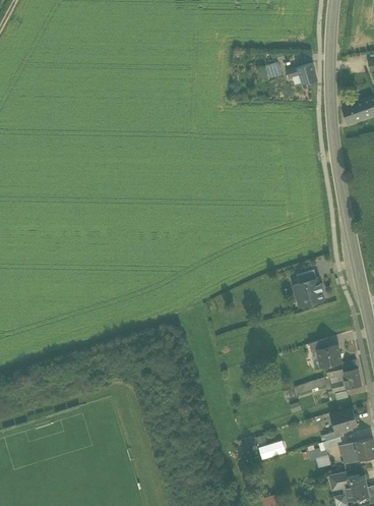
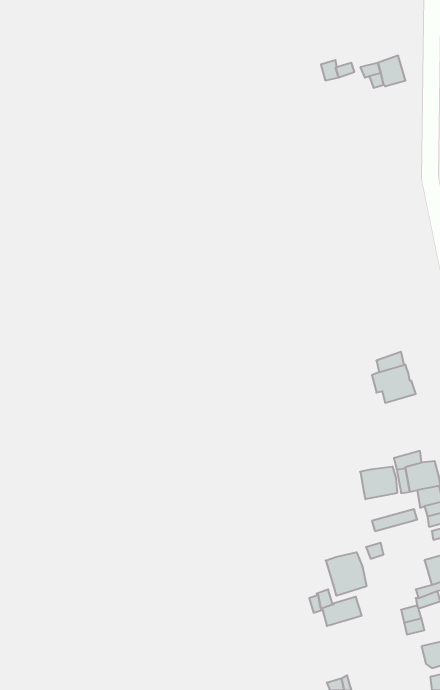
building: none -> [360,466,397,499]
building: none -> [326,552,367,596]

